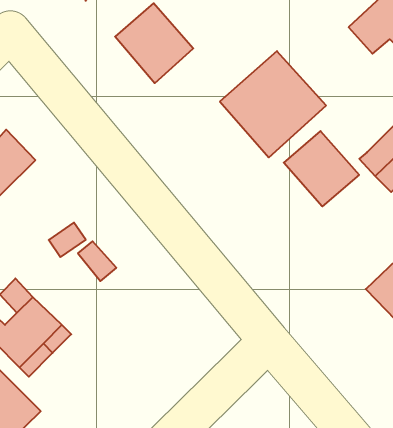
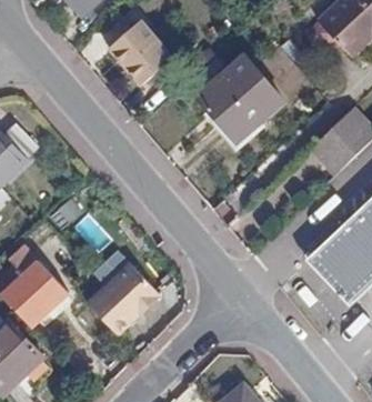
building: [284,131,359,206] -> none
building: none -> [87,261,157,334]

